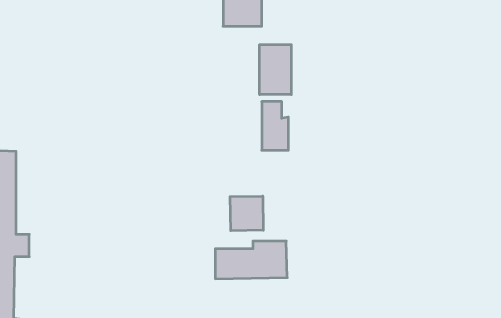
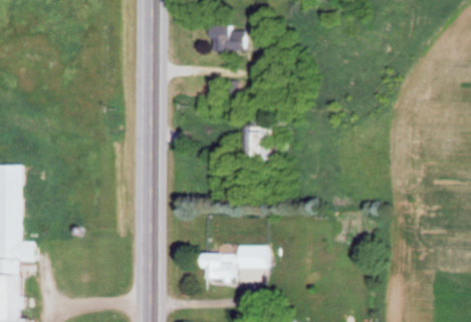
building: [260,45,291,95] -> none
building: [230,196,263,231] -> none

